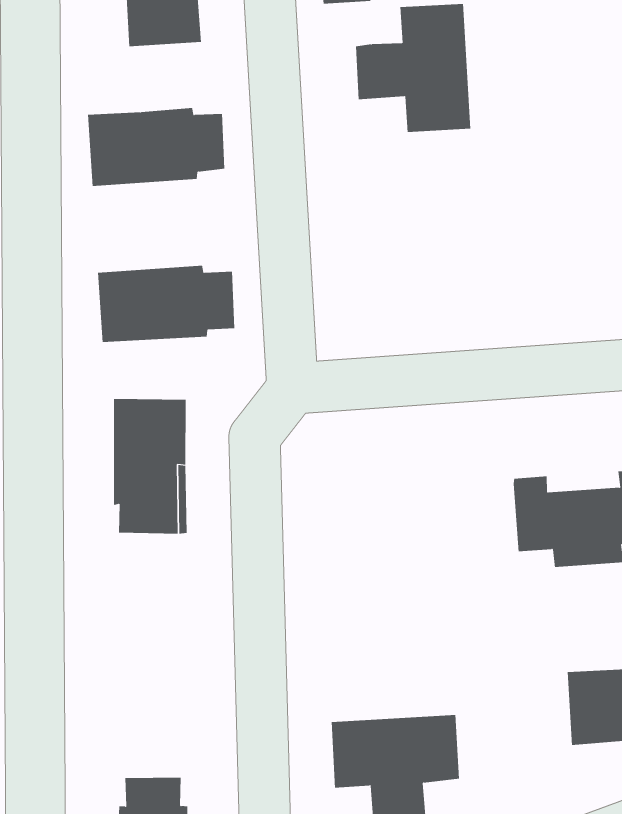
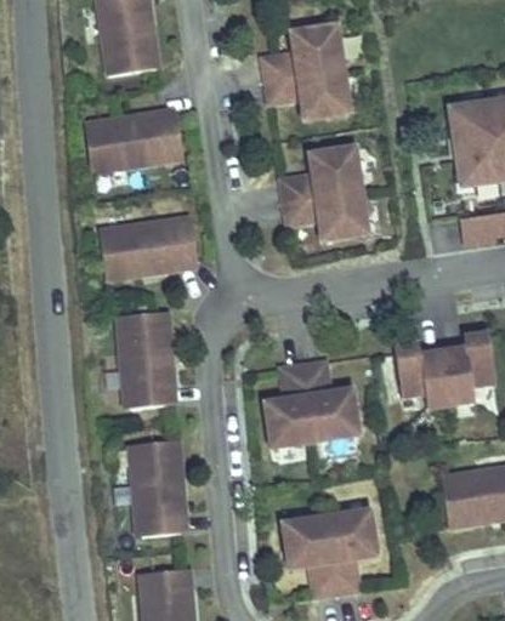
building: none -> [282,148,365,240]
building: none -> [265,363,357,446]
building: none -> [131,440,186,535]

